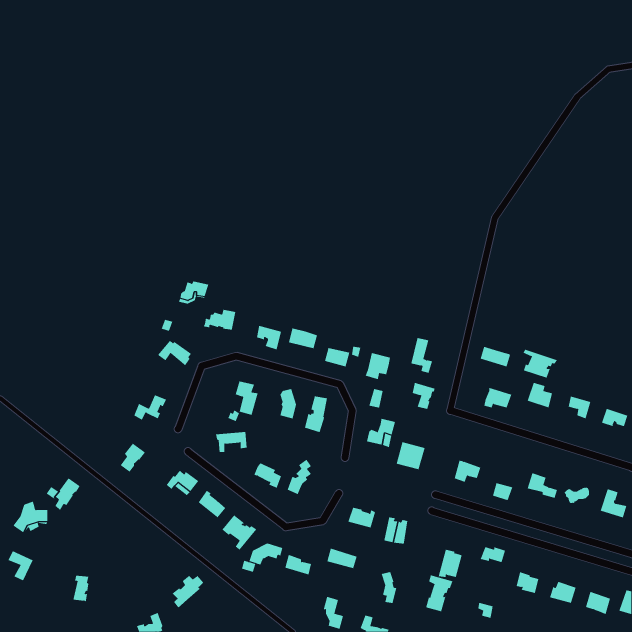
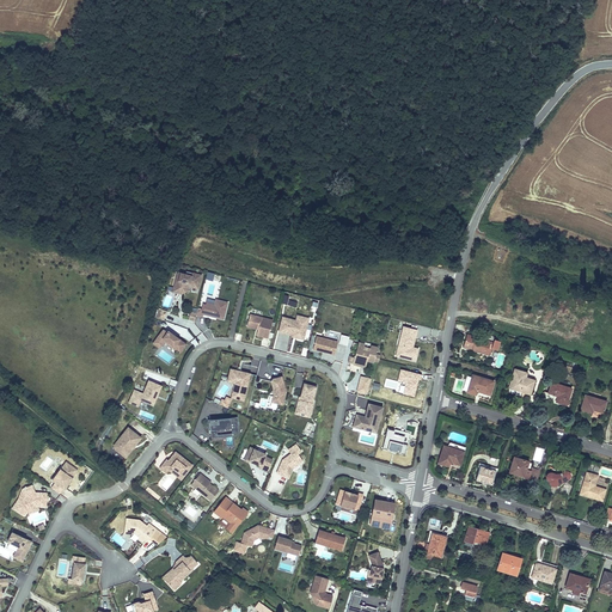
building: [523,349,558,379] -> none
building: none -> [124,518,167,545]
building: [425,575,453,612] -> none

